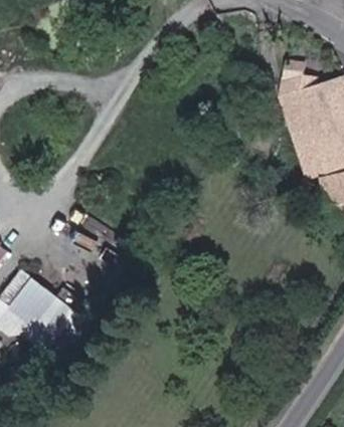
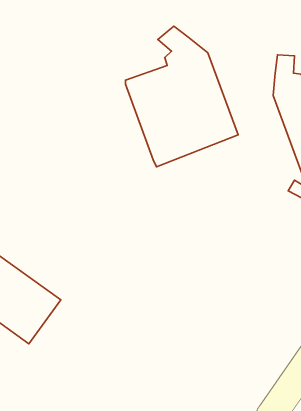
building: none -> [125,26,238,167]

